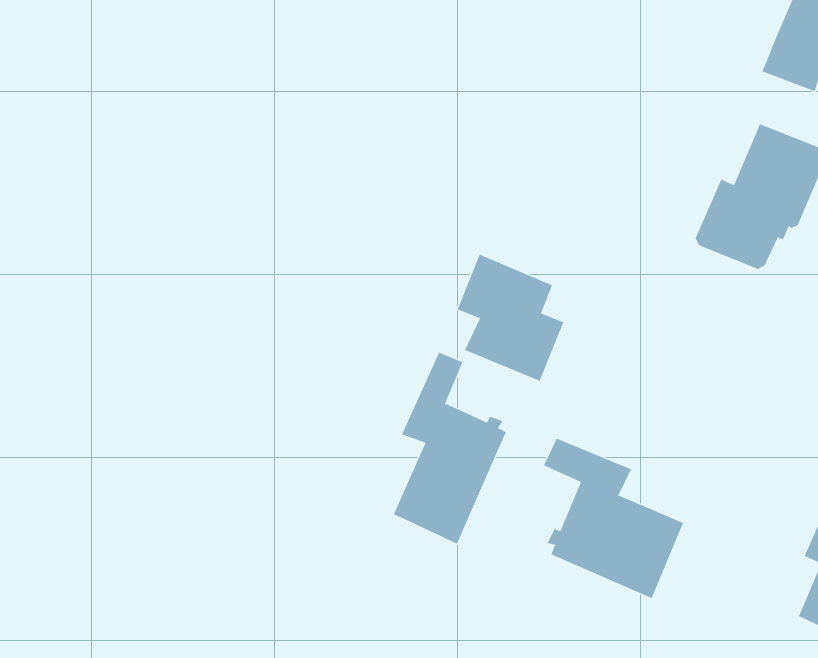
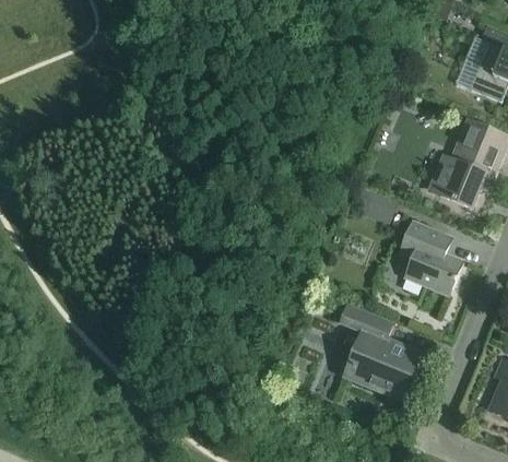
building: [457,254,564,381] -> [399,220,462,295]
building: [393,352,507,544] -> none

